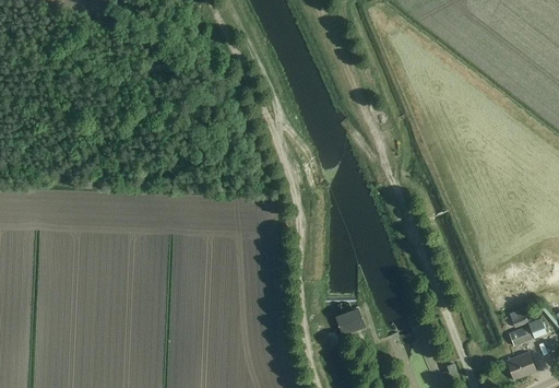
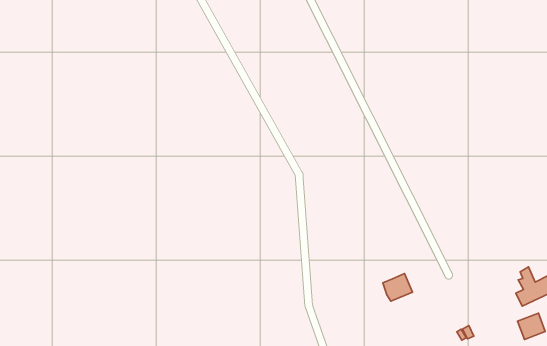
building: [336,308,365,334] -> [383,274,412,301]

